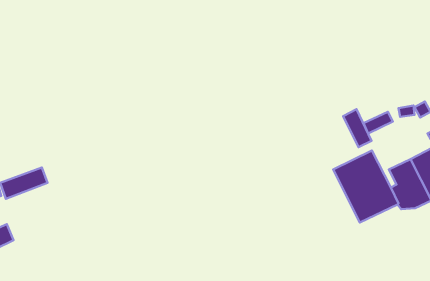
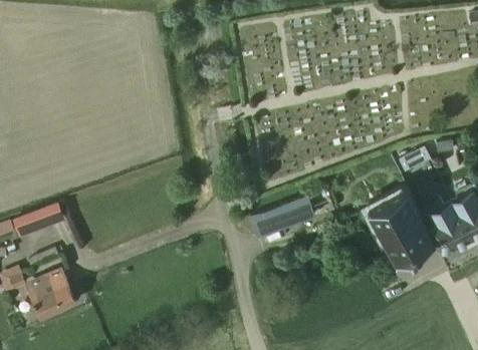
building: [343,109,371,147] -> none
building: none -> [249,194,315,236]
building: none -> [29,268,75,316]

